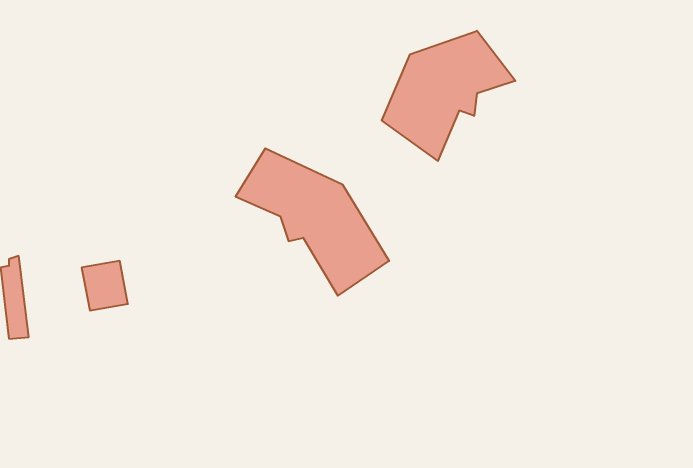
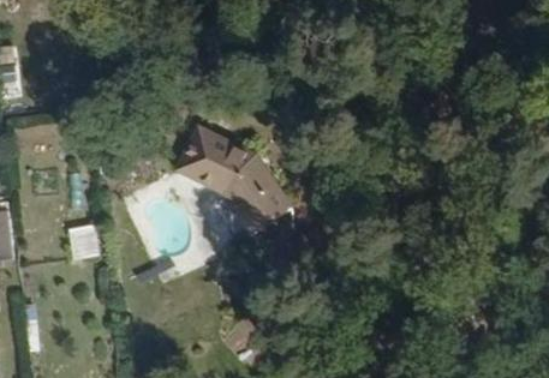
building: [382,31,515,161] -> none

